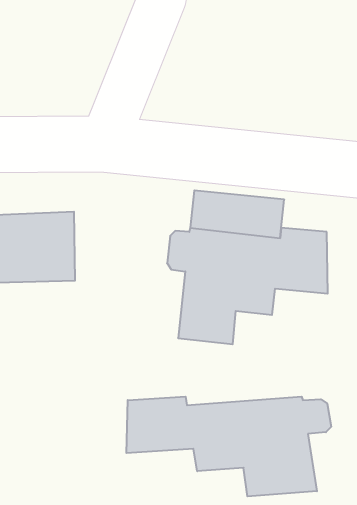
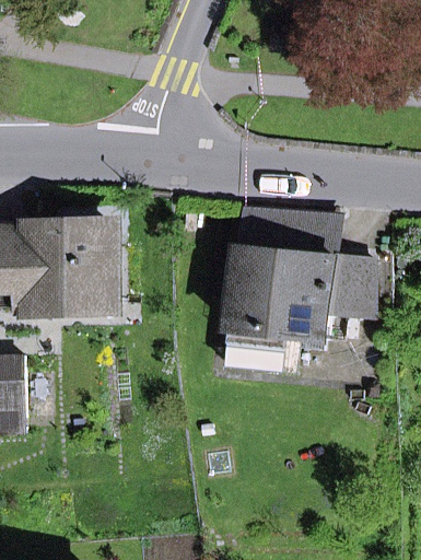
building: [126,397,331,496] -> none

